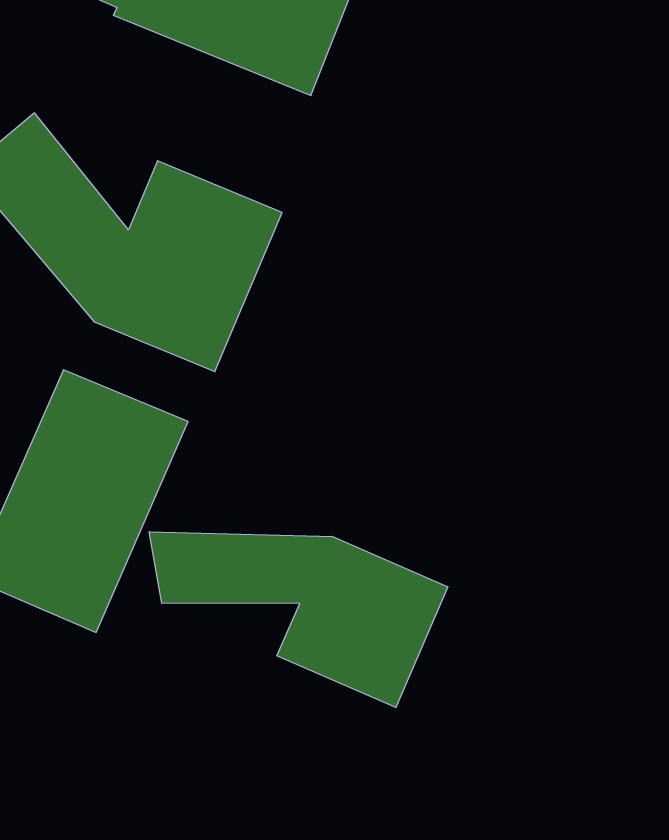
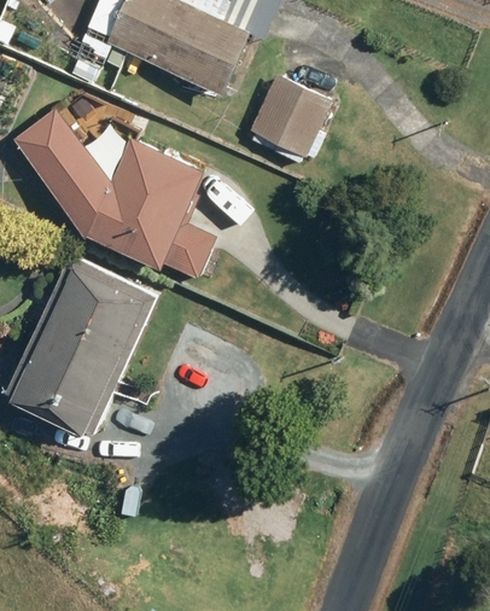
building: none -> [245,75,331,167]
building: [149,532,448,708] -> none

